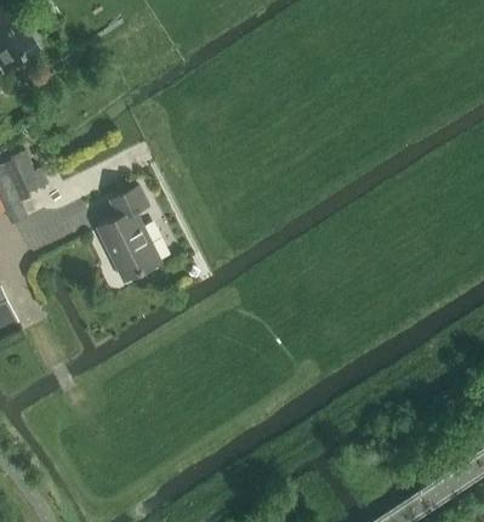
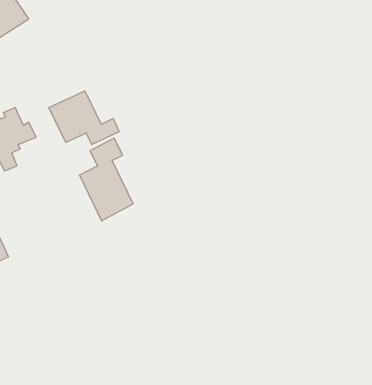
building: none -> [49,91,119,145]

